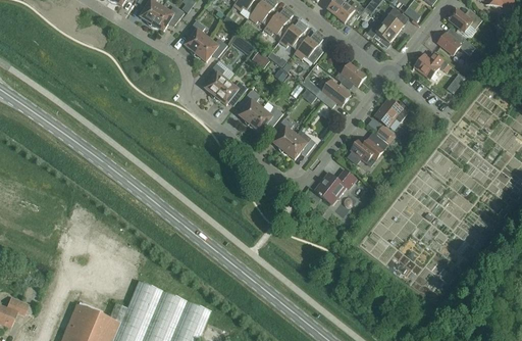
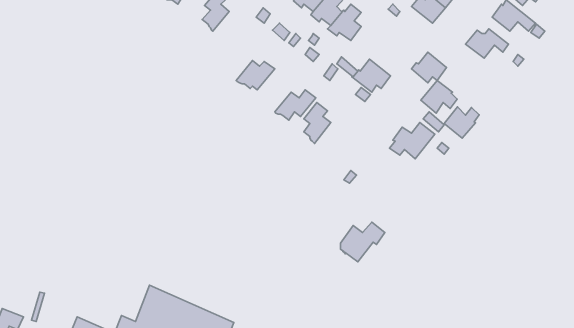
building: [194,37,227,61] -> none
building: [335,61,366,88] -> [412,52,447,83]
building: [205,62,228,97] -> none
building: [238,90,262,125] -> none
building: none -> [444,107,479,138]
building: [282,134,316,158] -> none
building: [317,168,356,203] -> [340,222,385,262]

